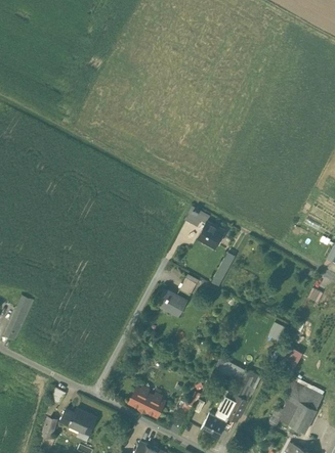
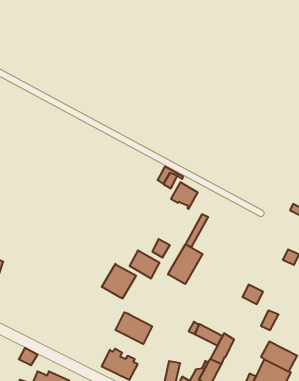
building: none -> [168,244,202,284]
building: none -> [102,264,136,299]
building: none -> [116,312,152,344]

